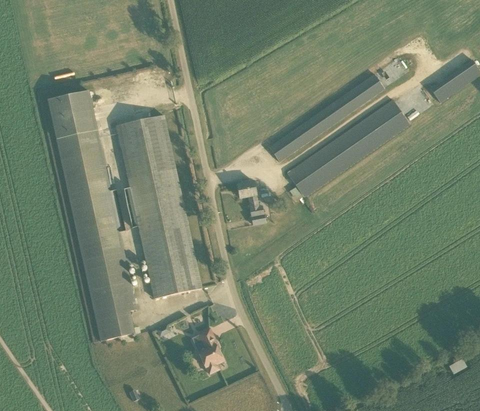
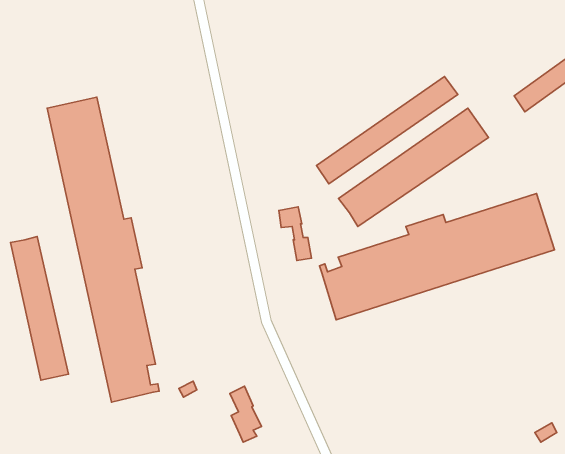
building: [116,115,201,299] -> none
building: none -> [319,194,555,320]
building: none -> [11,237,69,380]

